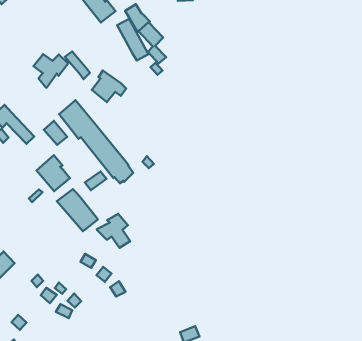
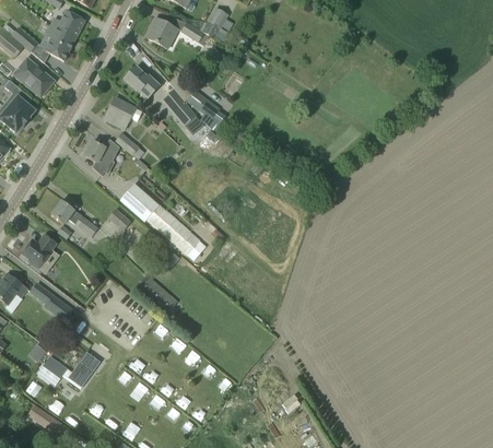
building: [92,70,126,102] -> [107,97,142,129]
building: [36,155,70,191] -> none
building: [97,214,130,248] -> none

